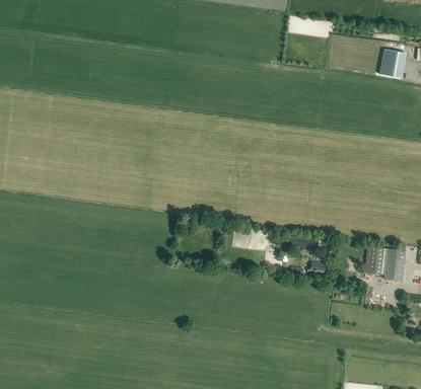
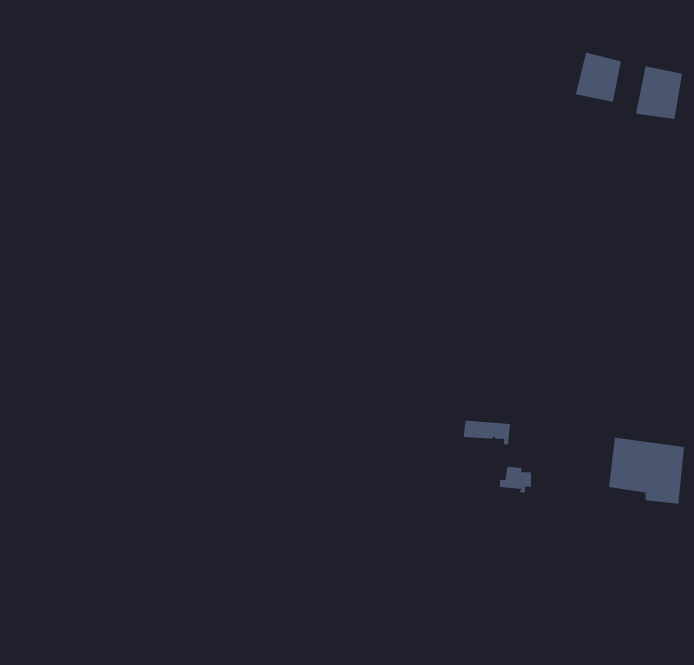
building: none -> [575,52,622,103]

